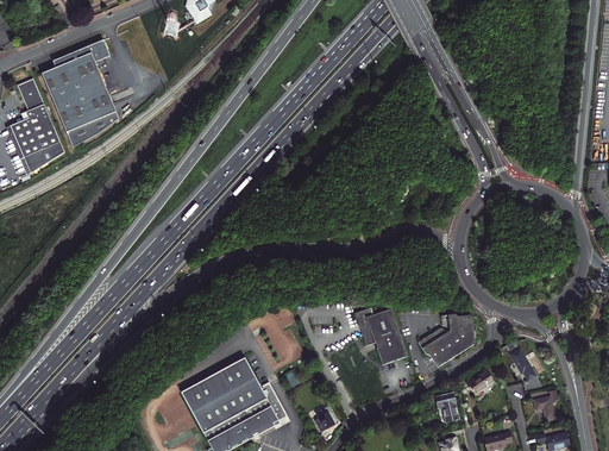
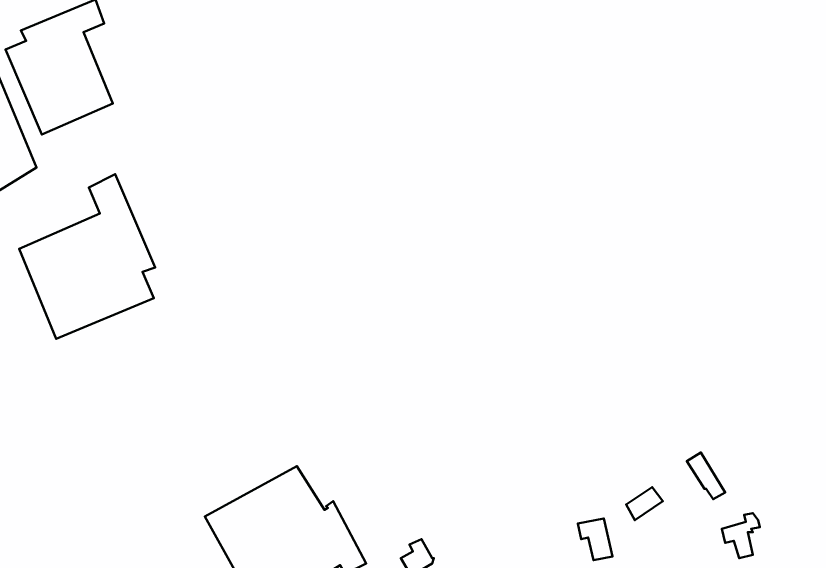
building: none -> [19,174,155,339]
building: [353,307,403,365] -> none
building: [414,315,471,369] -> none

